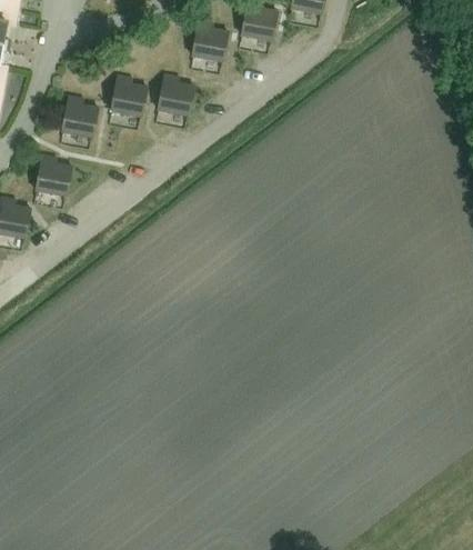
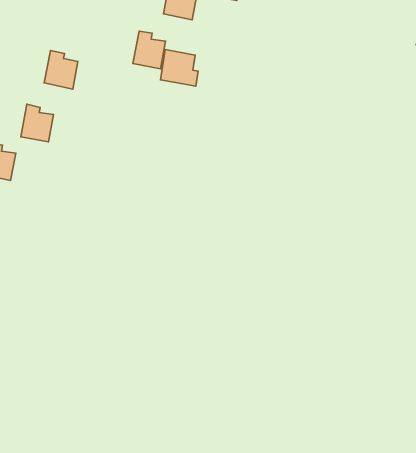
building: [110,77,147,118] -> none
building: none -> [161,50,198,86]

